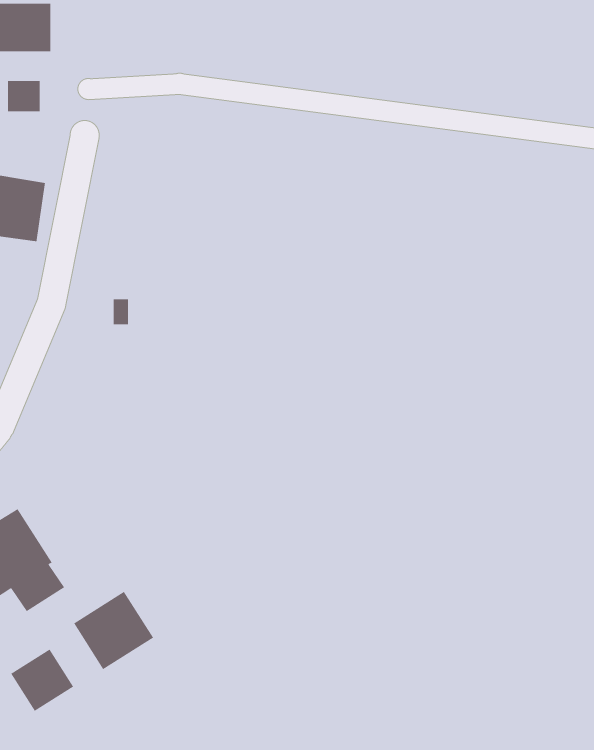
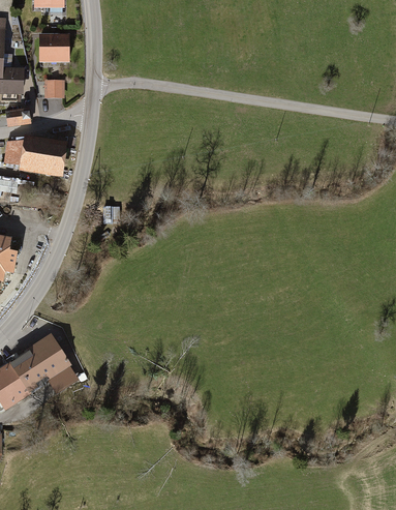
building: [73,591,154,670] -> none
building: [10,649,74,712] -> none

